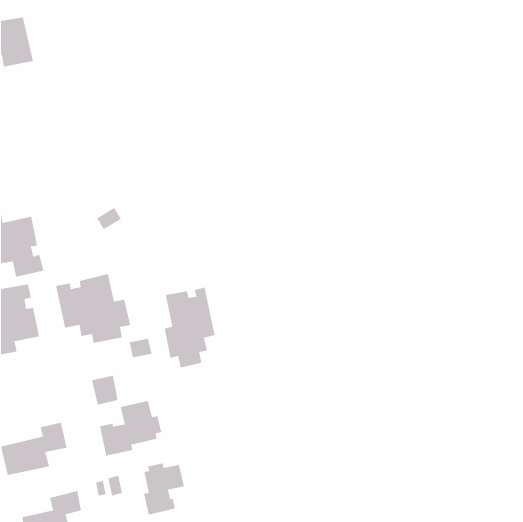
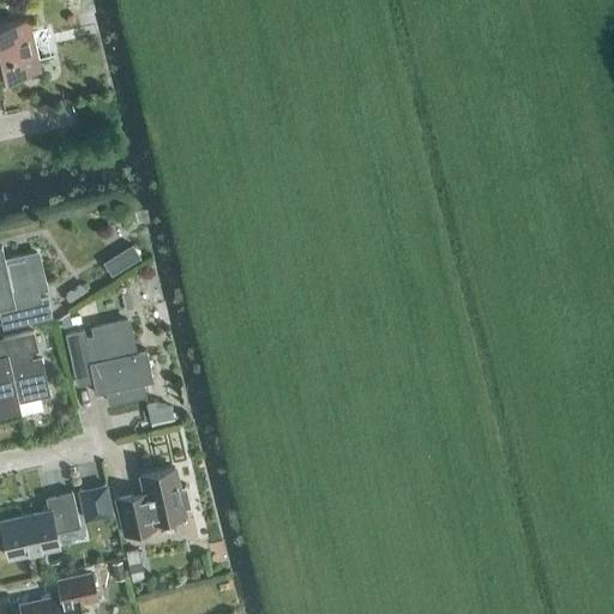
building: [164,287,216,368] -> none
building: [91,375,119,405] -> [79,488,112,524]
building: [143,462,185,515] -> none

